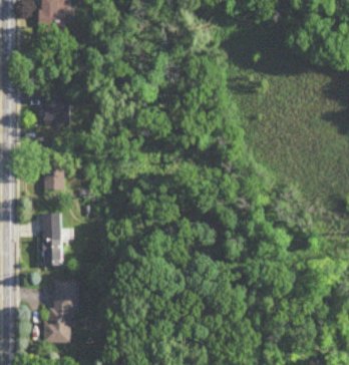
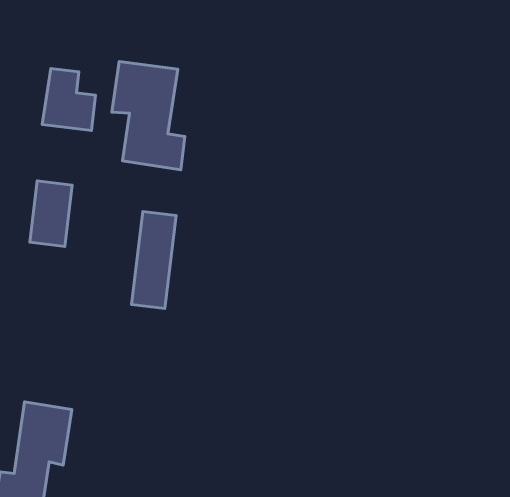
building: none -> [112,61,185,170]
building: [42,214,61,267] -> [131,212,176,309]

